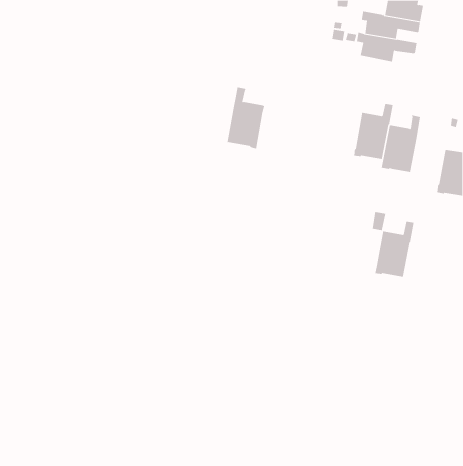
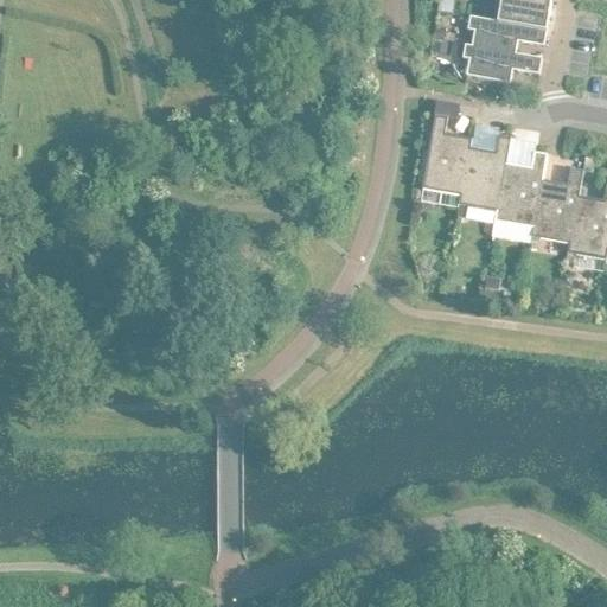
building: [227,87,265,149] -> [422,113,472,193]
building: [374,221,415,277] -> [531,166,583,239]

